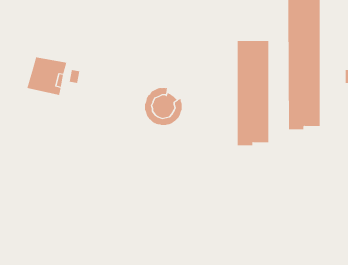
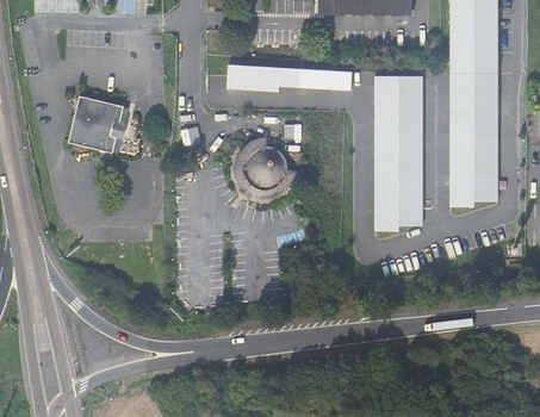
building: none -> [226,62,353,89]

